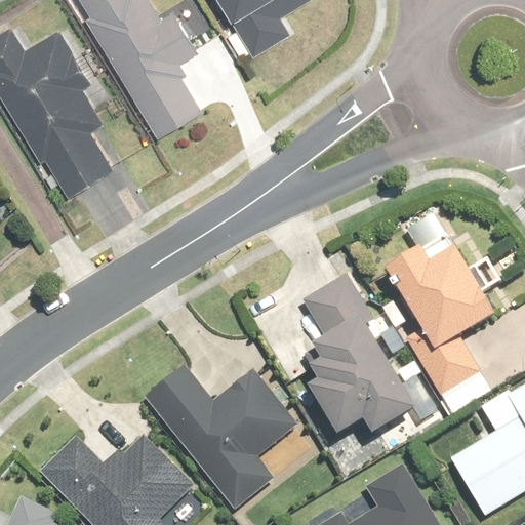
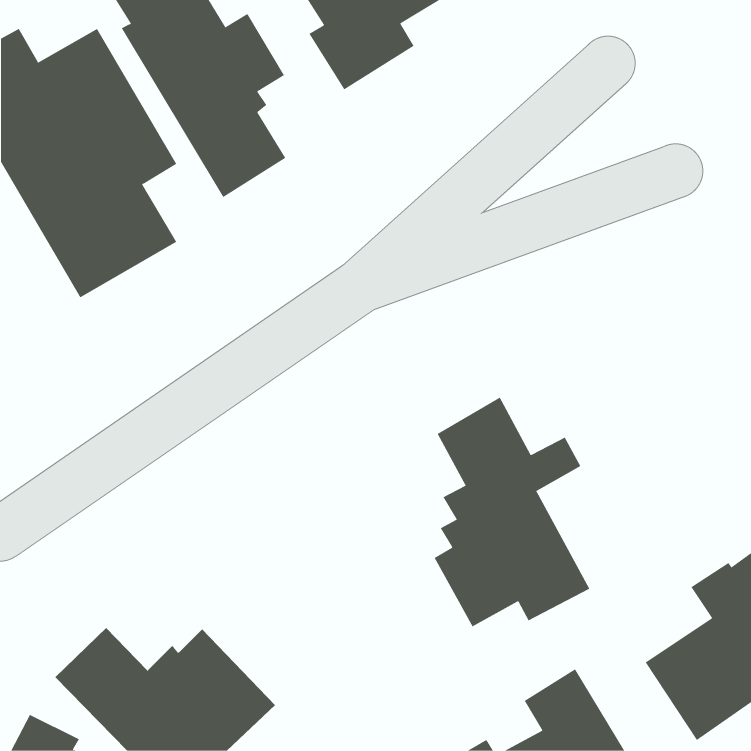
building: [382,215,488,395] -> none
building: [145,365,298,507] -> none

